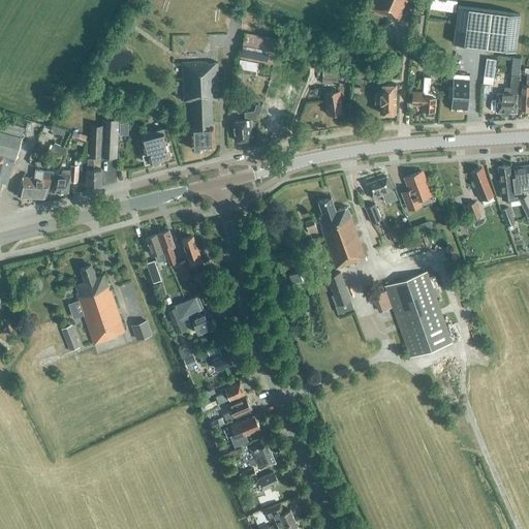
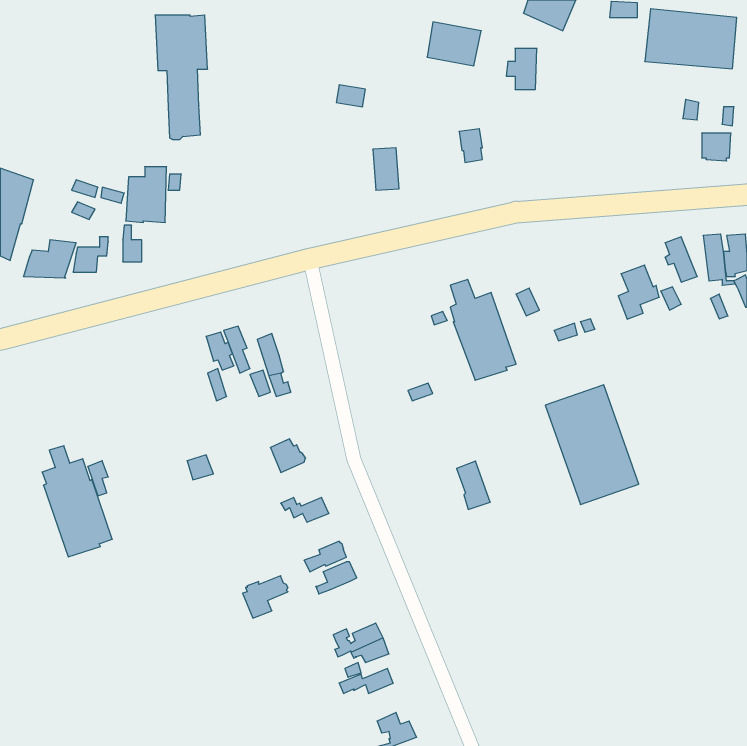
building: [240,34,278,65] -> [427,22,481,66]
building: [182,63,219,151] -> [155,15,208,139]
building: [447,74,470,112] -> none
building: [412,77,435,112] -> none
building: [374,85,396,114] -> [506,48,537,89]
building: [232,105,261,142] -> none
building: [142,129,170,164] -> none
building: [403,173,432,211] -> [618,265,659,319]
building: [366,177,397,205] -> none
building: [75,267,125,345] -> [42,446,112,557]
building: [326,273,350,307] -> [457,461,490,509]
building: [166,297,204,334] -> none
building: [227,417,259,447] -> [243,576,288,618]

